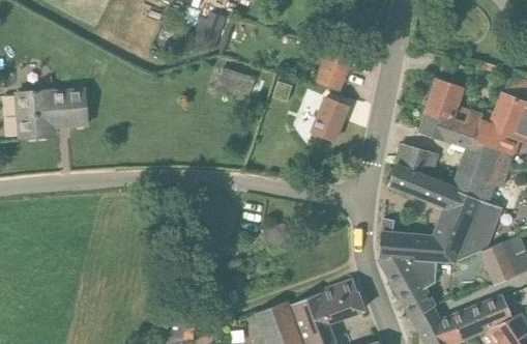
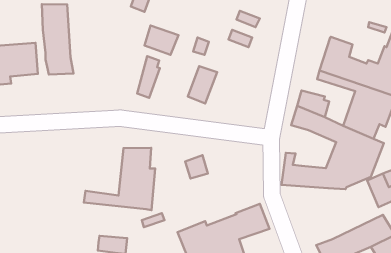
building: none -> [42,4,73,75]
building: [313,93,348,138] -> [188,66,217,103]
building: none -> [137,56,160,98]
building: none -> [84,148,155,210]
building: [378,257,435,318] -> none

